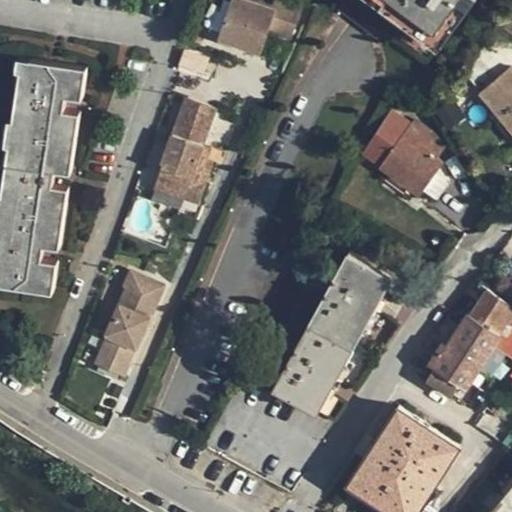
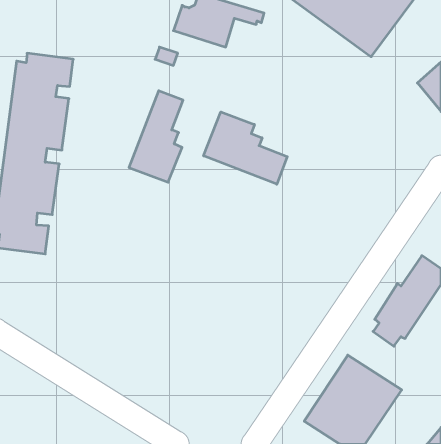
building: [361,113,447,198] -> none
building: none -> [204,112,287,184]
building: [273,253,392,412] -> none
building: [96,269,163,373] -> none

